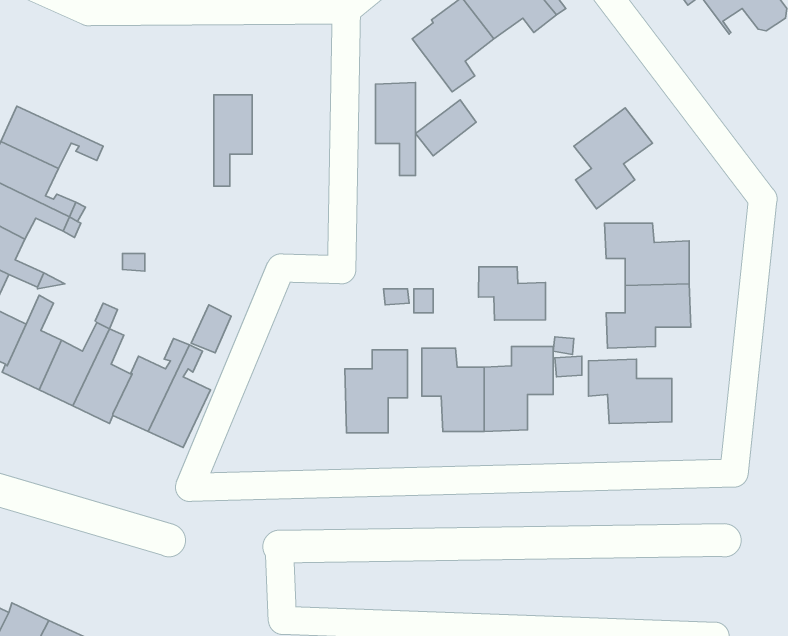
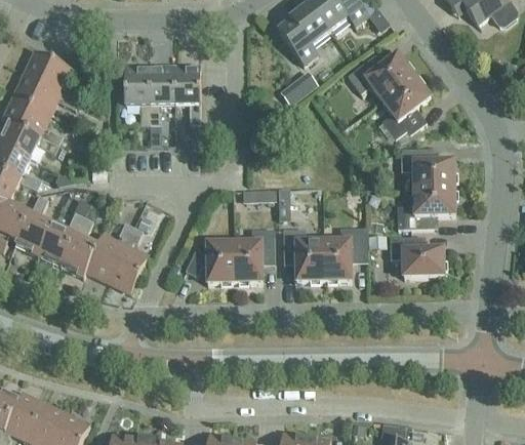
building: none -> [25,50,84,98]
building: none -> [349,52,414,98]
building: [375,83,415,176] -> [175,65,201,124]
building: none -> [125,66,151,124]
building: [479,267,546,320] -> none
building: none -> [186,241,236,283]

